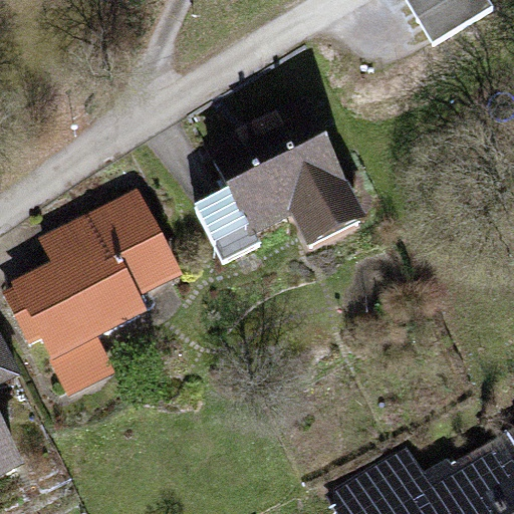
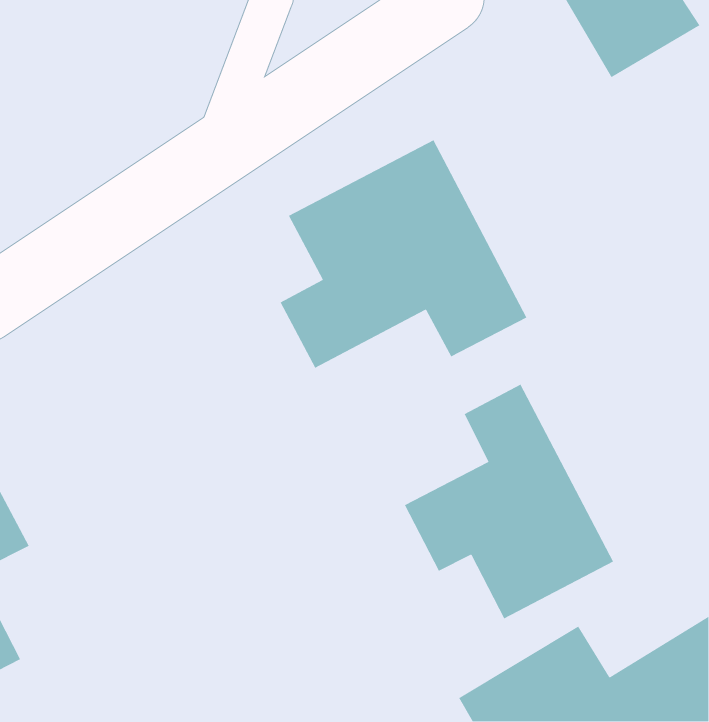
building: [8,191,178,364] -> none
building: none -> [404,383,614,619]

